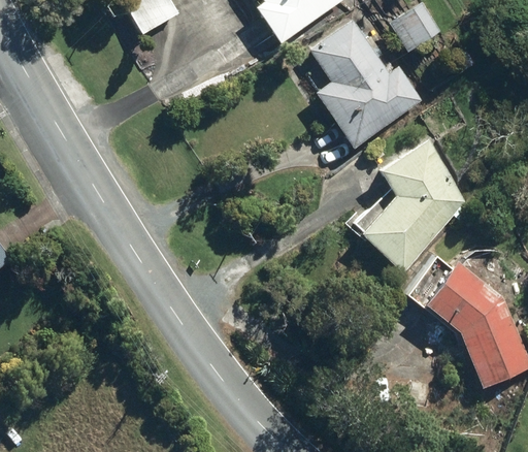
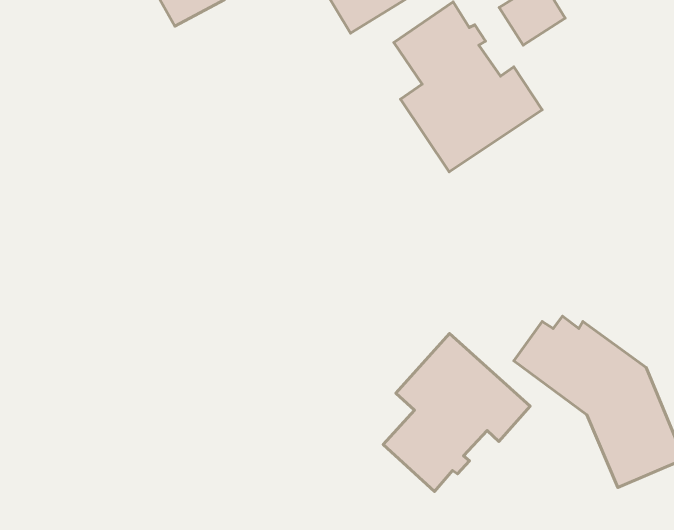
building: [357,136,468,272] -> none
building: none -> [383,333,530,492]

